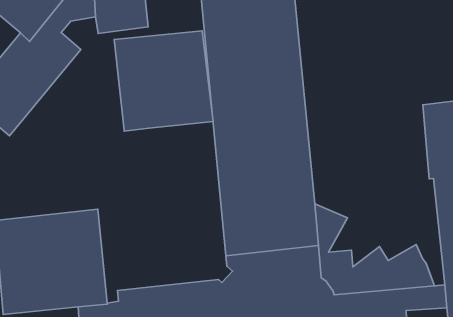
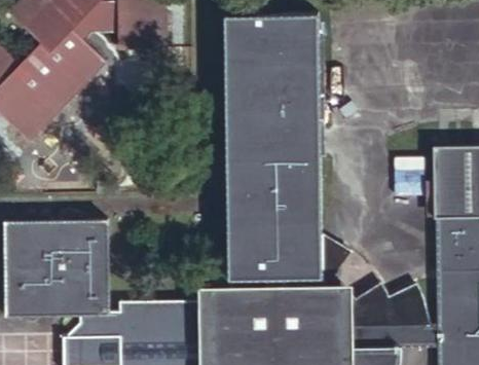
building: [114,31,213,131] -> none

